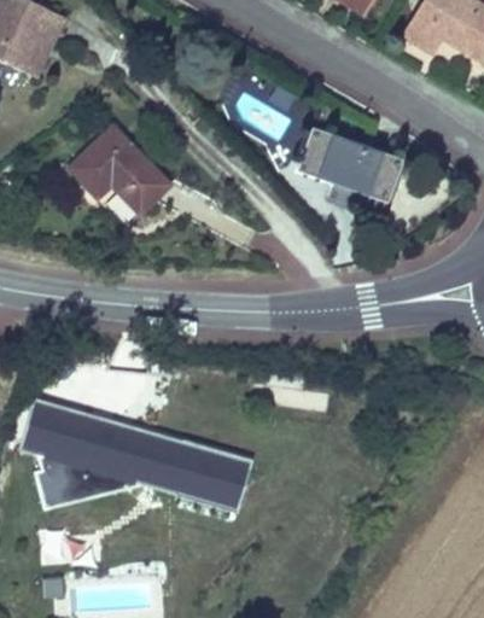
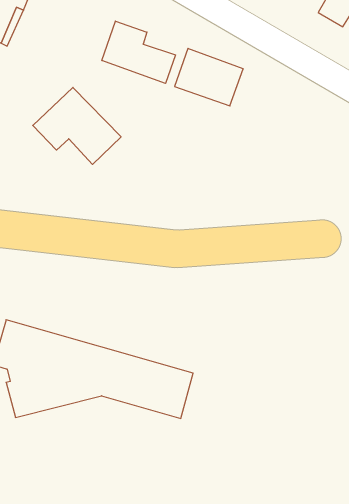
building: none -> [102,21,175,83]
building: [302,129,397,198] -> none

